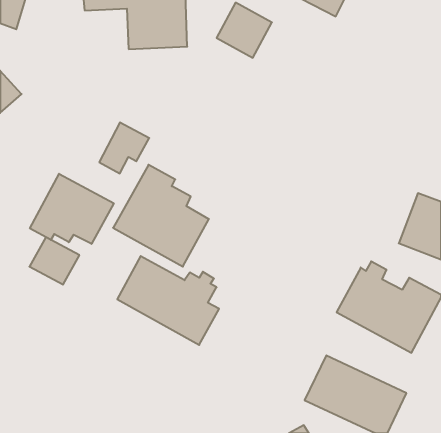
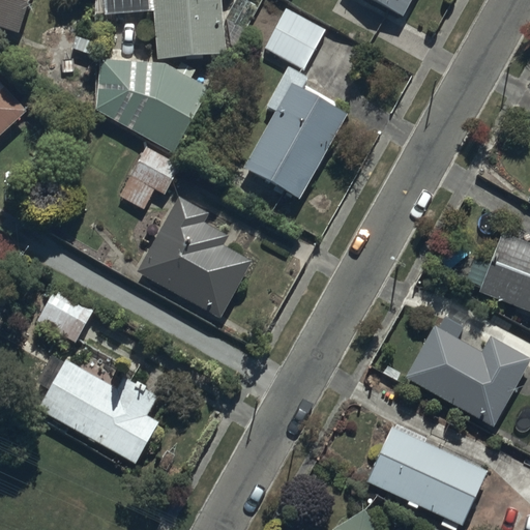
building: none -> [95,58,213,156]
building: none -> [242,66,345,201]
building: [30,174,114,244] -> none
building: [117,256,219,345] -> [37,360,159,467]

